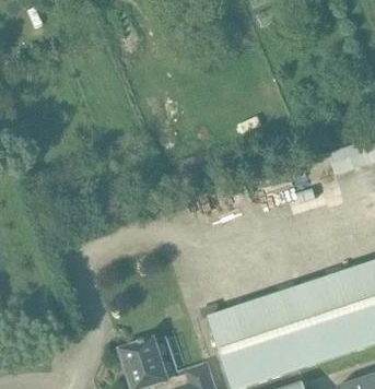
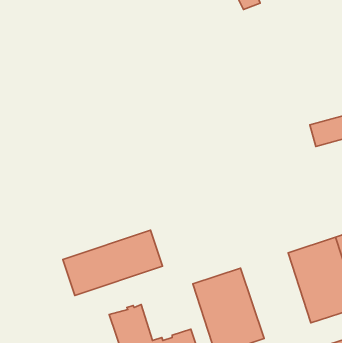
building: none -> [63,230,162,295]
building: [258,283,332,374] -> none

